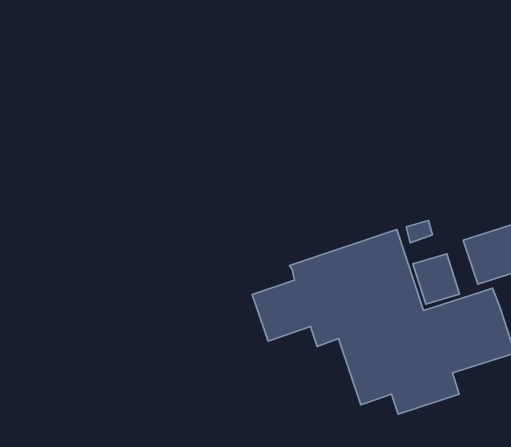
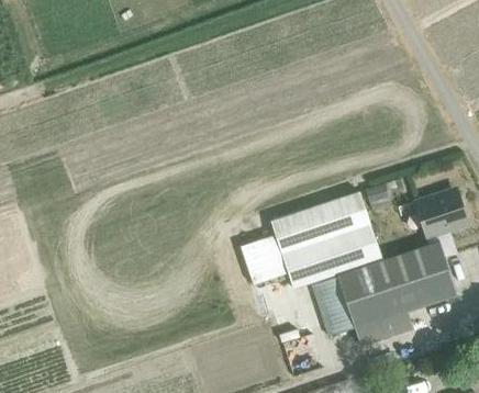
building: [413,254,460,304] -> none

